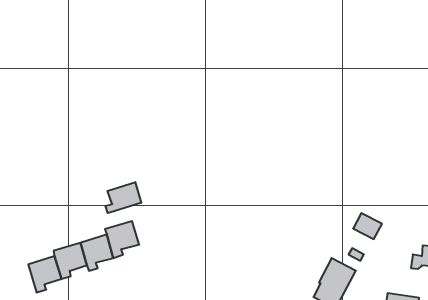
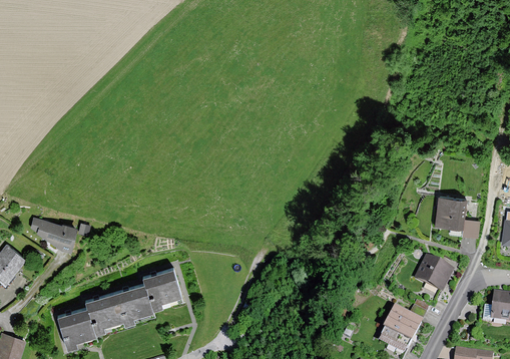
building: none -> [438,196,470,235]
building: none -> [38,221,75,248]
building: [106,182,141,213] -> none

